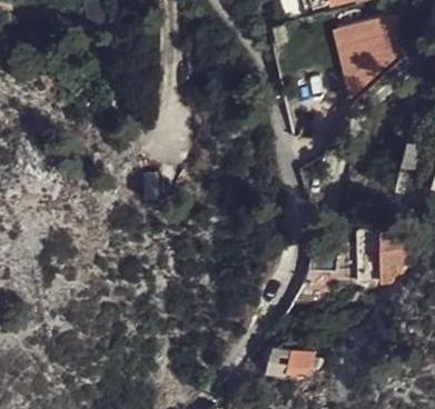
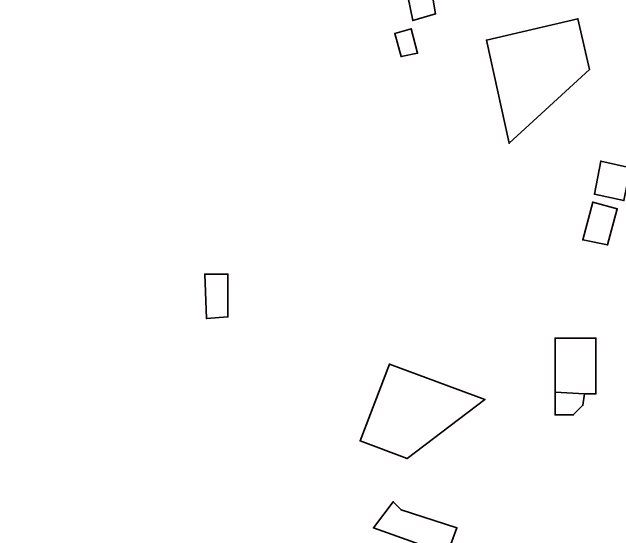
building: none -> [360,364,485,458]

